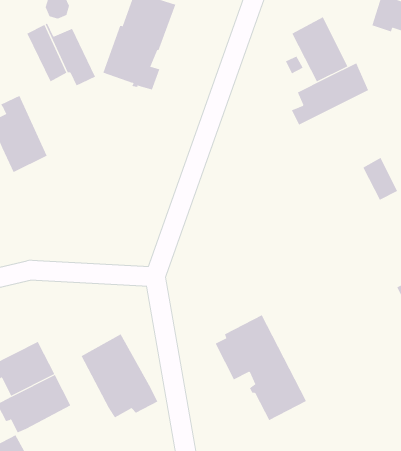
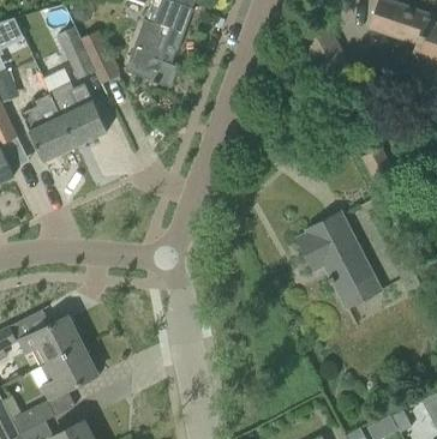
building: [291,62,369,126] -> none
building: none -> [50,82,108,146]
building: [215,314,307,421] -> [298,211,382,308]
building: [81,334,158,418] -> none

